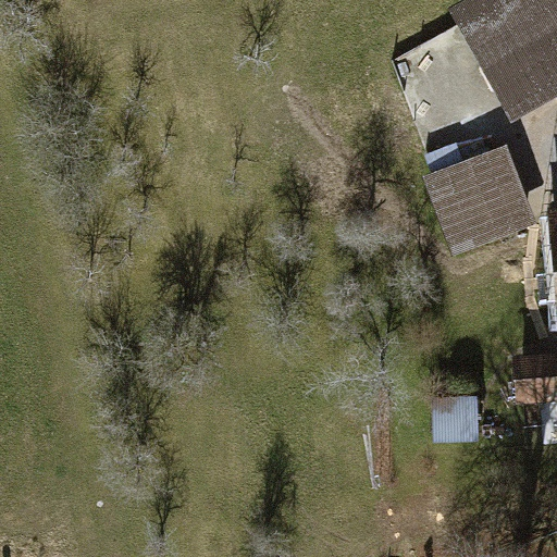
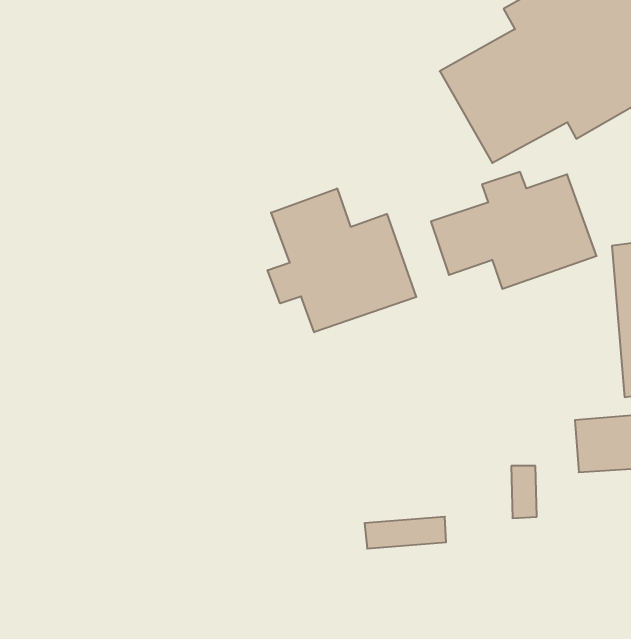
building: none -> [268,188,416,332]

